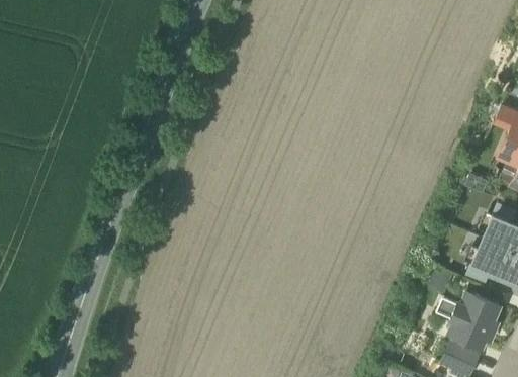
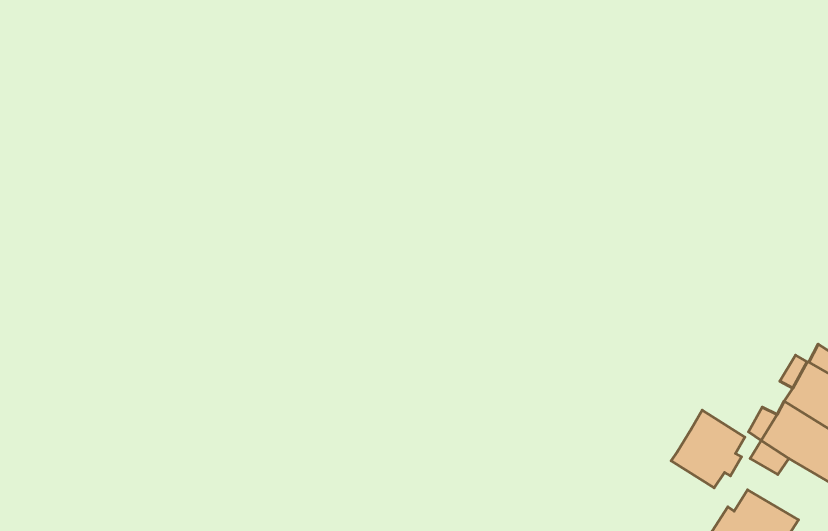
building: none -> [671,410,745,488]

